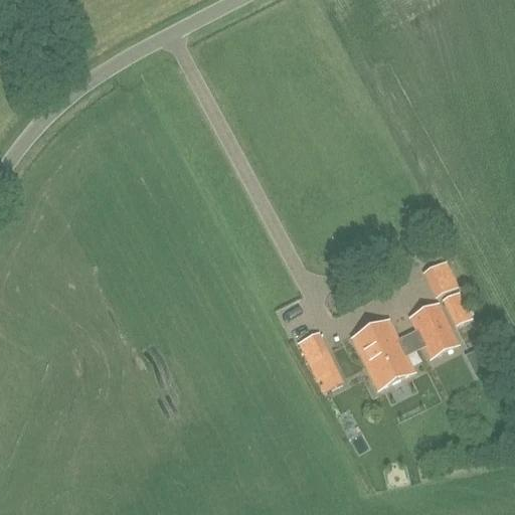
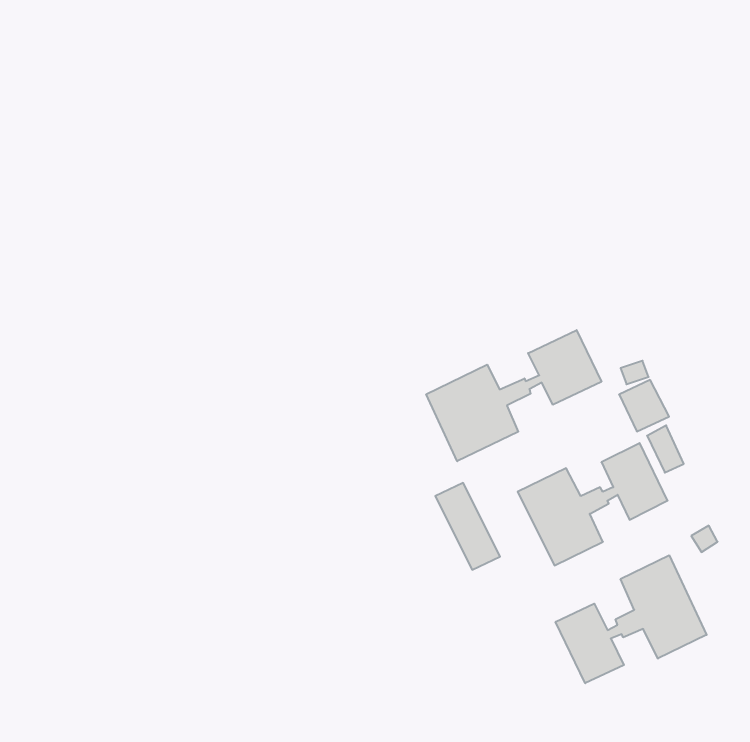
building: none -> [426,330,601,461]
building: none -> [556,555,707,683]

